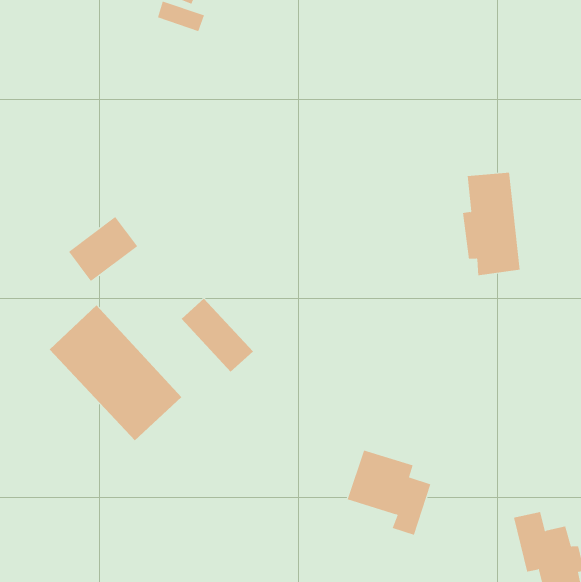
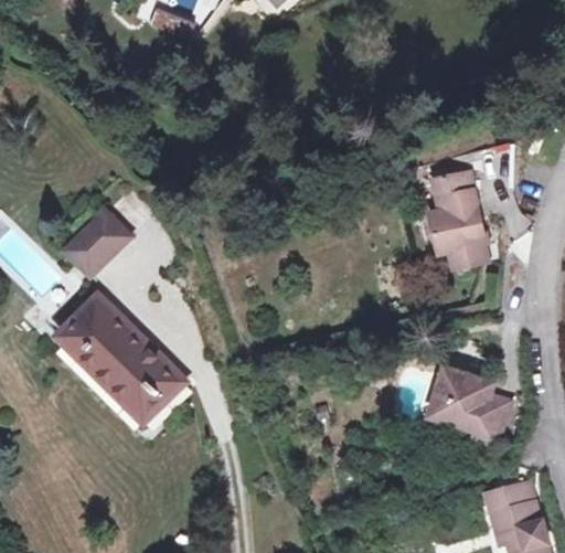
building: [181,298,254,373] -> none
building: [347,450,431,535] -> [430,368,509,447]

